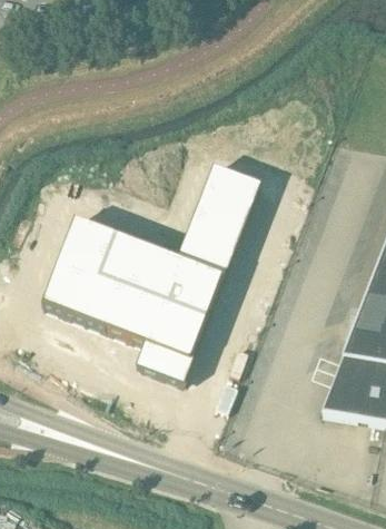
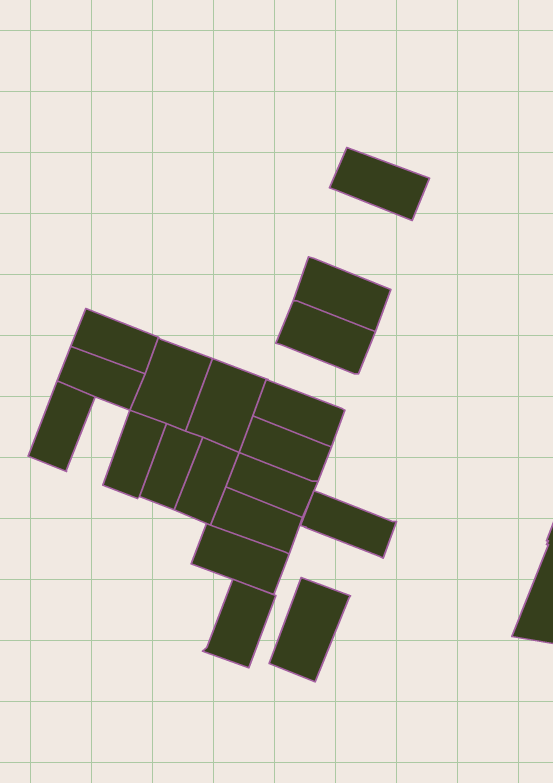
building: [206,160,264,203] -> [330,148,429,220]
building: [179,234,235,273] -> [301,491,397,558]
building: [66,265,102,316] -> none
building: none -> [269,578,351,682]
building: none -> [203,579,276,668]

